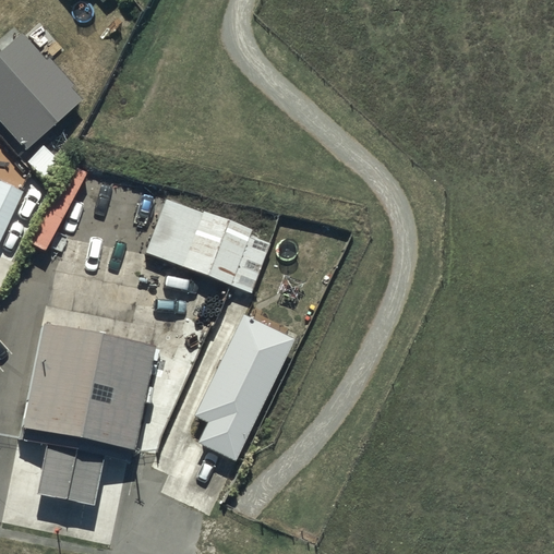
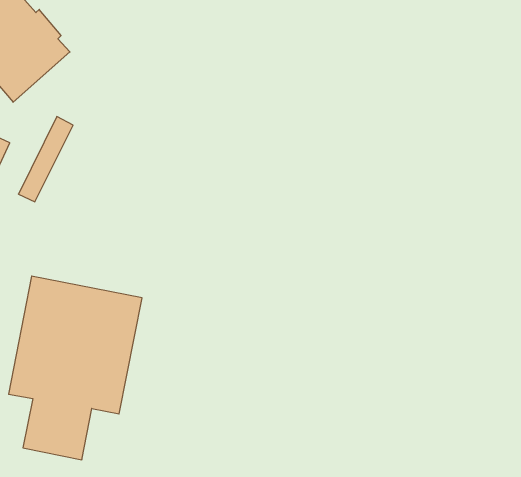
building: [145,195,270,291] -> none
building: [191,314,291,460] -> none

